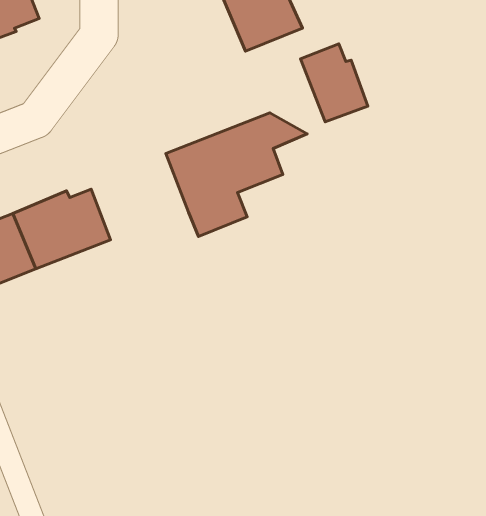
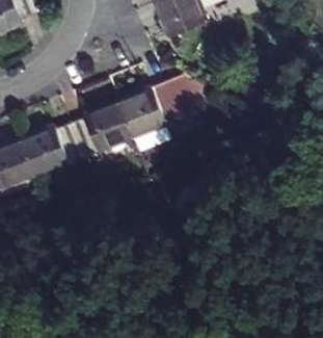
building: [300,44,368,122] -> none
building: none -> [70,101,132,157]

